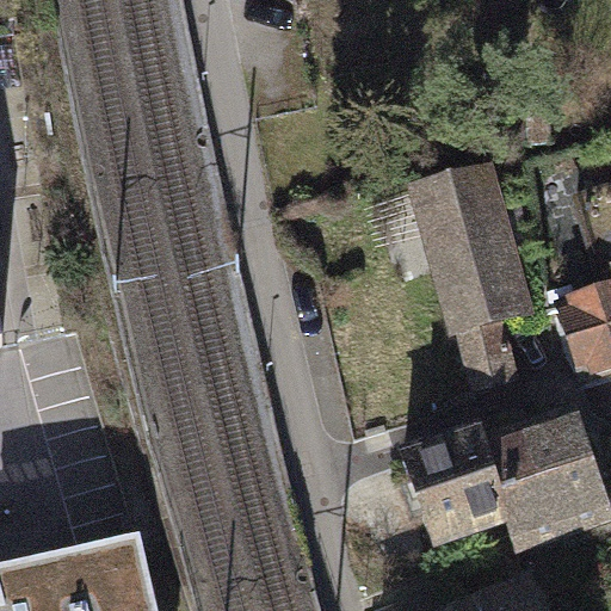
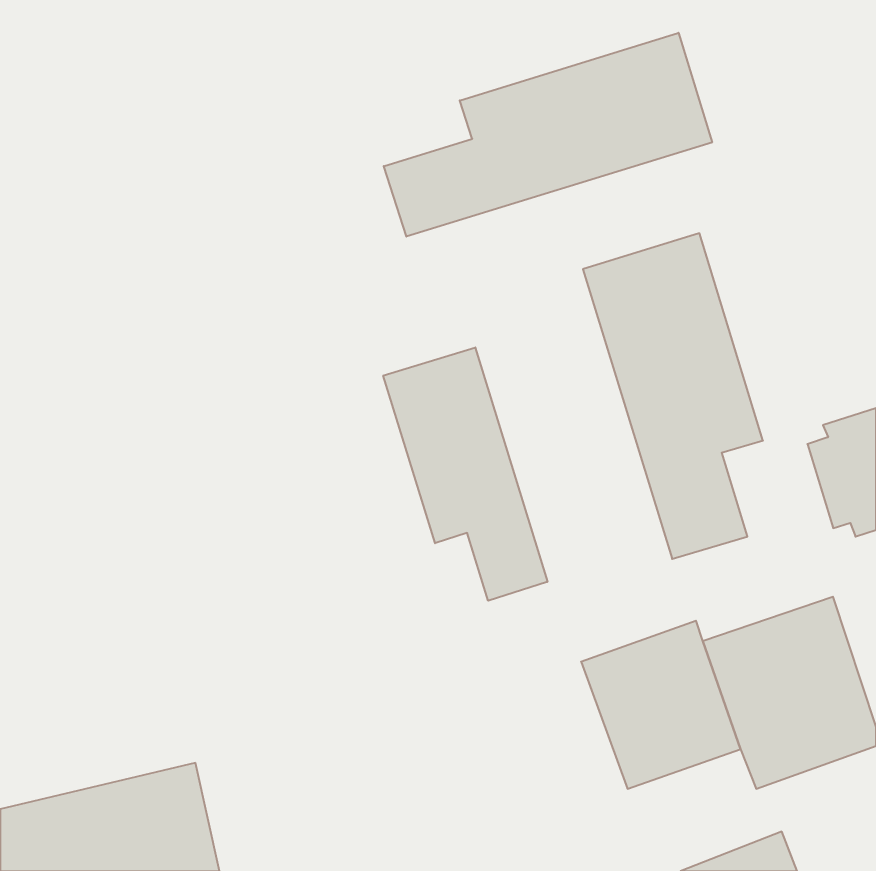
building: none -> [384,33,712,237]
building: none -> [383,347,547,601]

